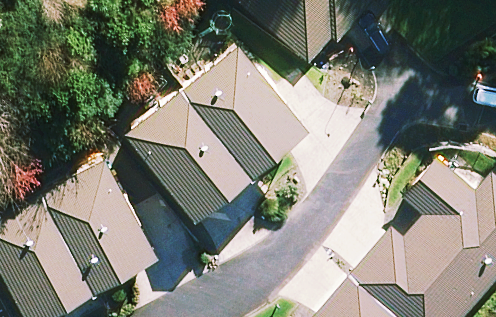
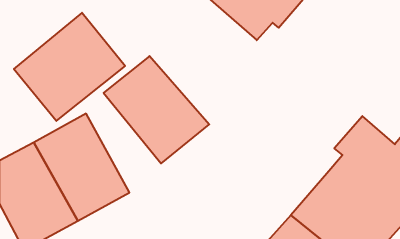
building: none -> [14,13,125,121]
building: [183,47,307,174] -> none

